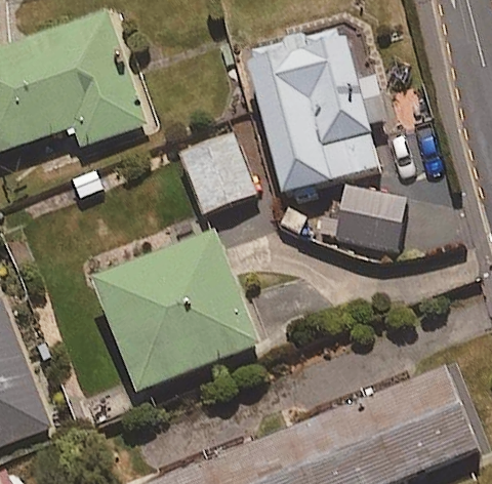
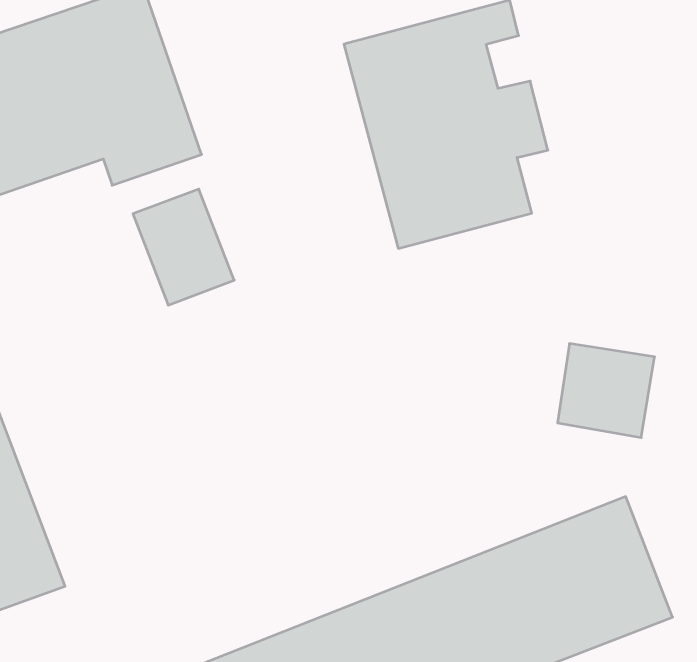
building: [181,133,252,214] -> [133,189,234,305]
building: [335,191,403,256] -> [558,344,655,438]
building: [91,227,260,392] -> none

